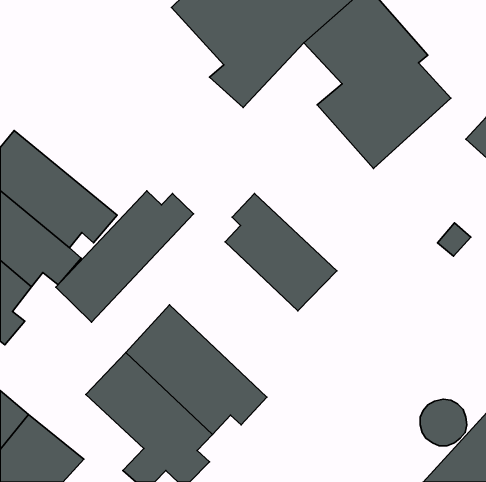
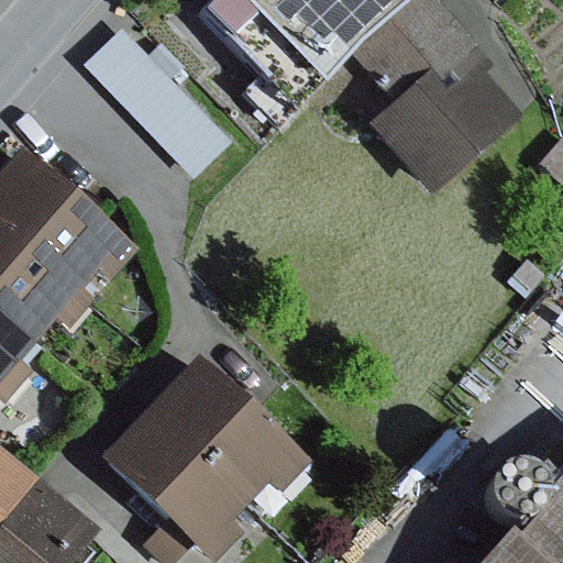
building: none -> [86,26,233,176]
building: [56,191,194,322] -> none
building: [225,194,337,311] -> none

